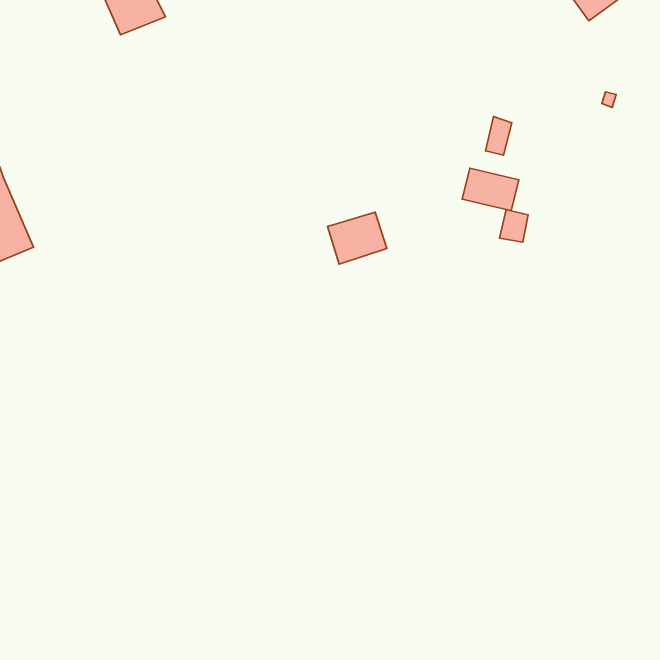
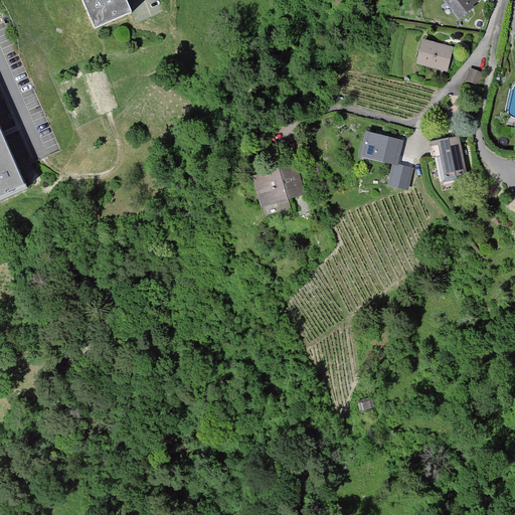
building: none -> [416,40,449,70]
building: [485,117,512,155] -> none
building: none -> [441,137,465,176]

